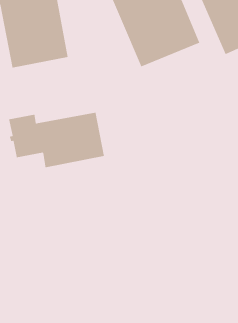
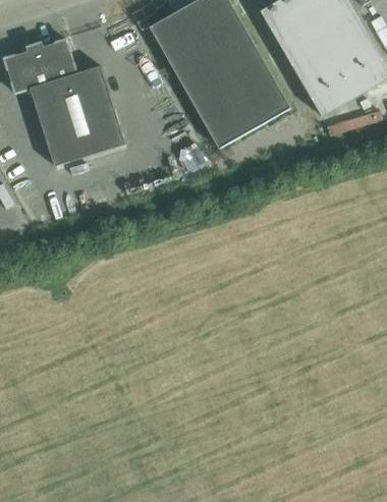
building: [9,112,104,168] -> none

